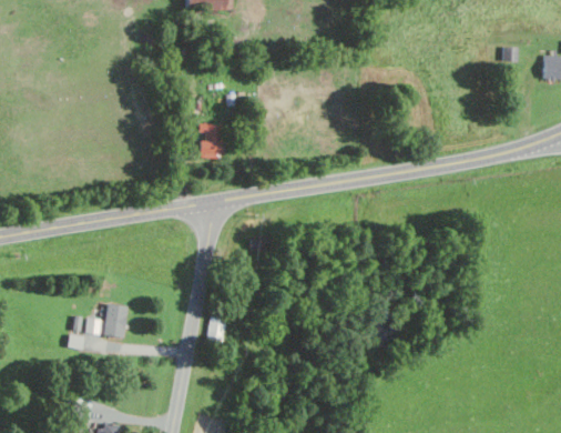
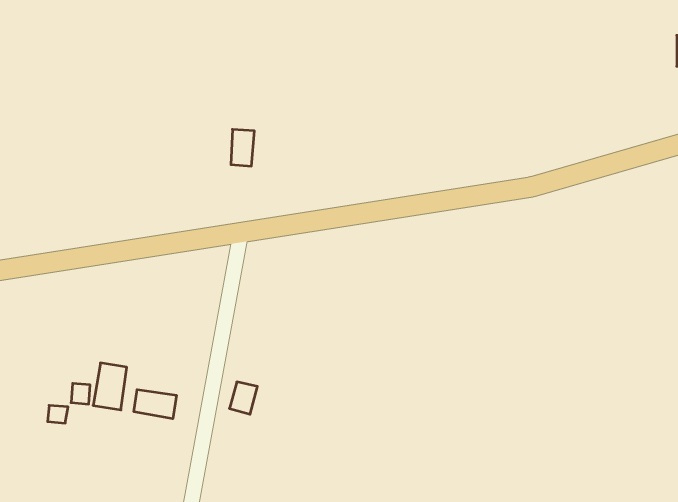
building: none -> [134,390,176,419]

